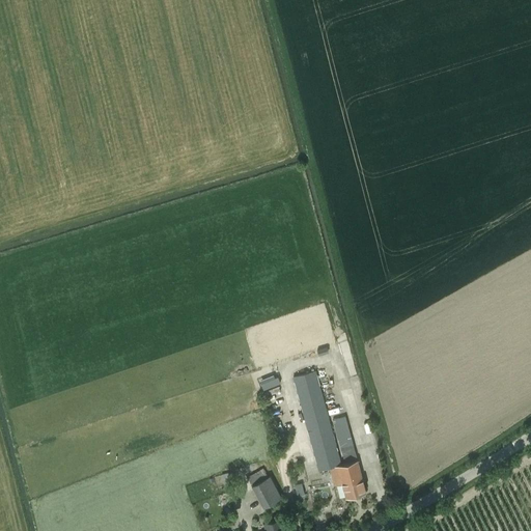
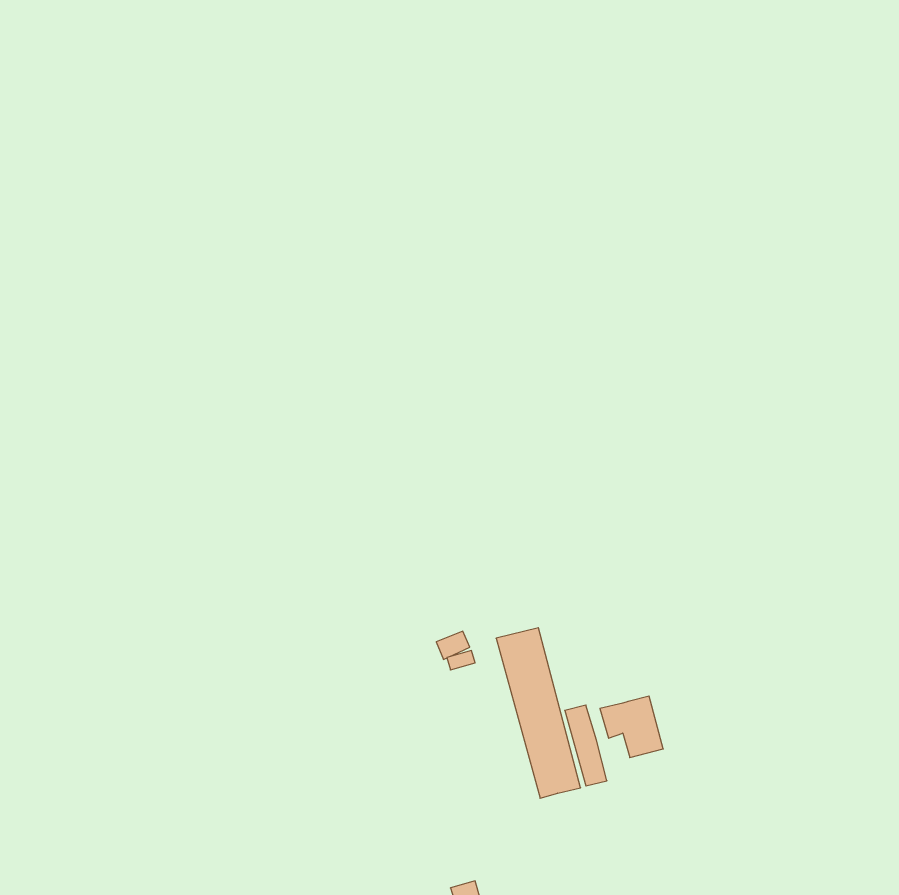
building: [329,463,366,499] -> [600,696,663,758]
building: [252,477,282,509] -> none

